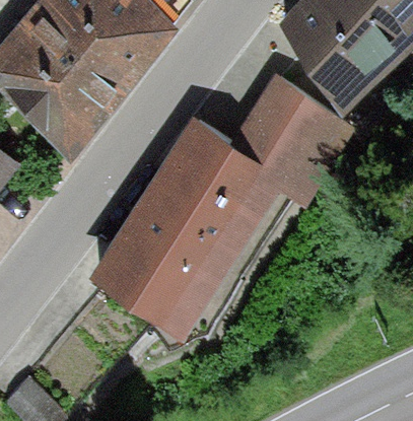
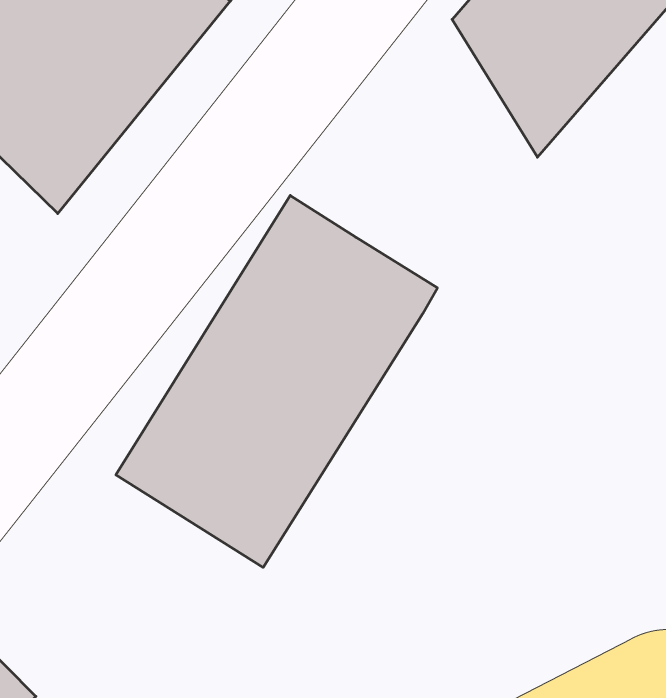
building: [237,88,352,212] -> none

